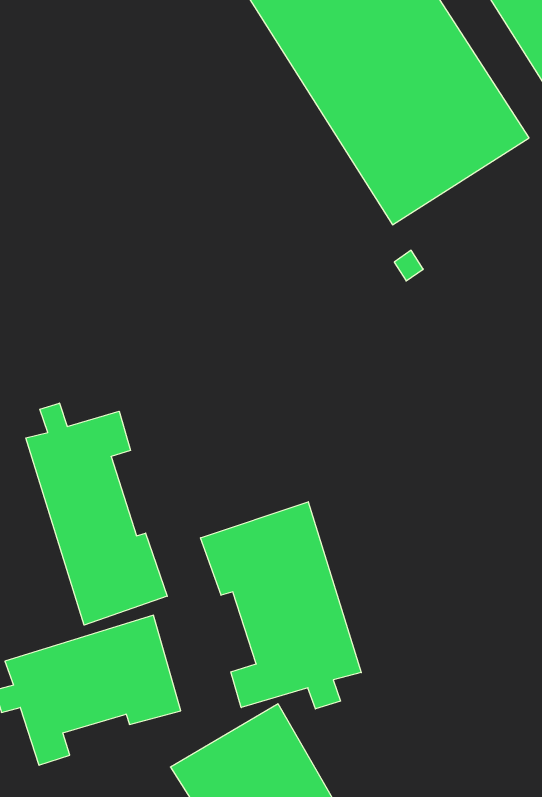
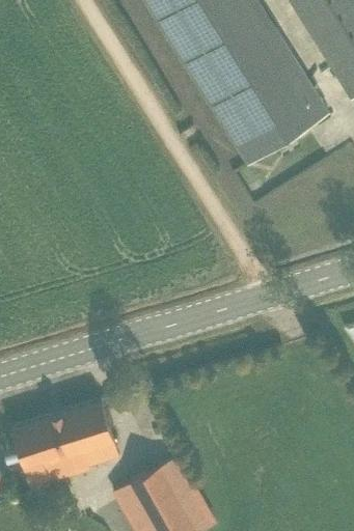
building: [26,403,167,625] -> none
building: [201,502,361,709] -> none

